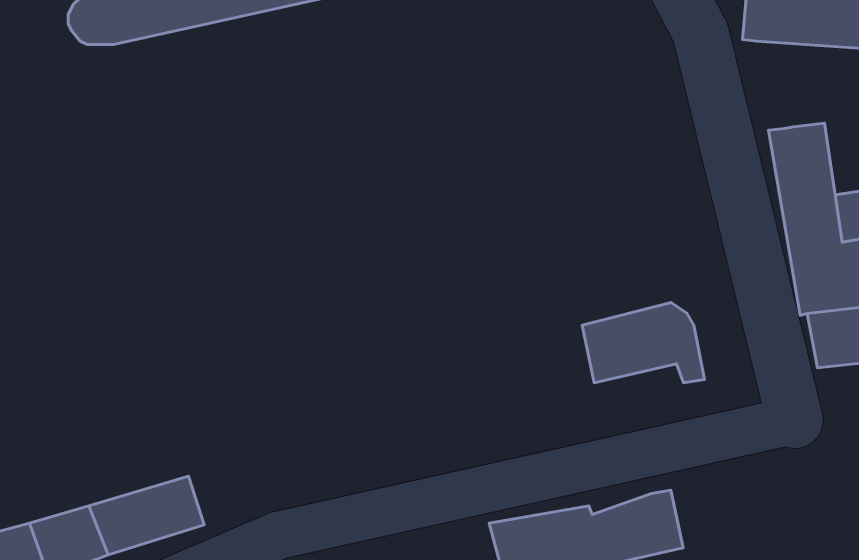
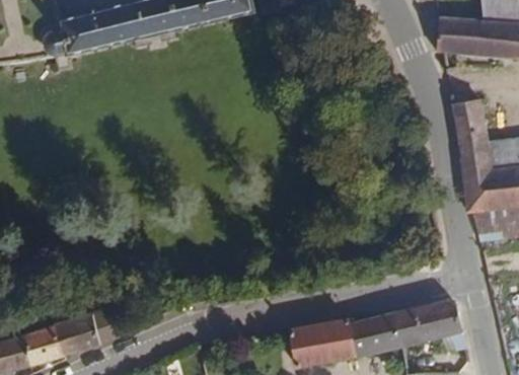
building: [582,303,704,383] -> [395,299,466,346]

